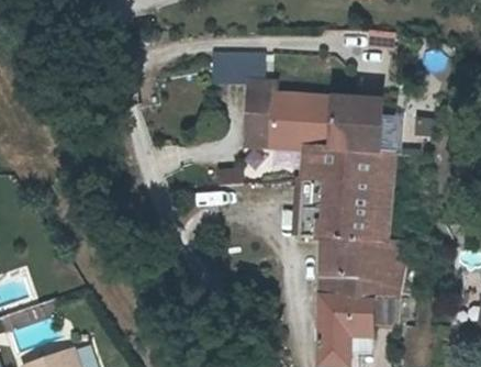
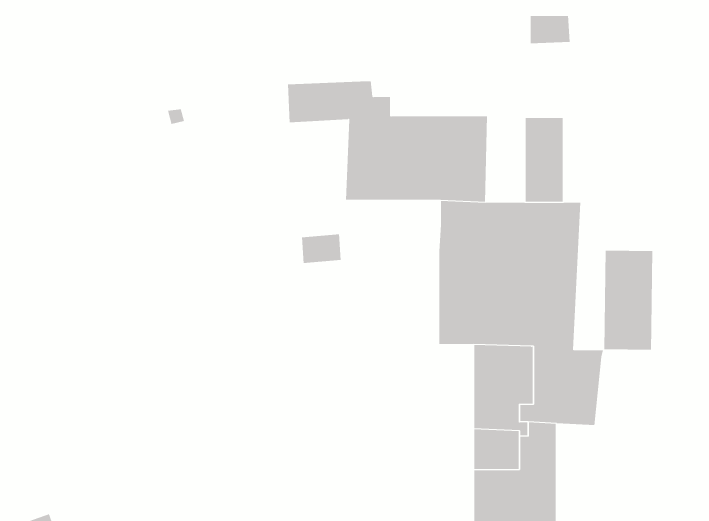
building: [339,89,363,143] -> none
building: none -> [604,250,653,350]

